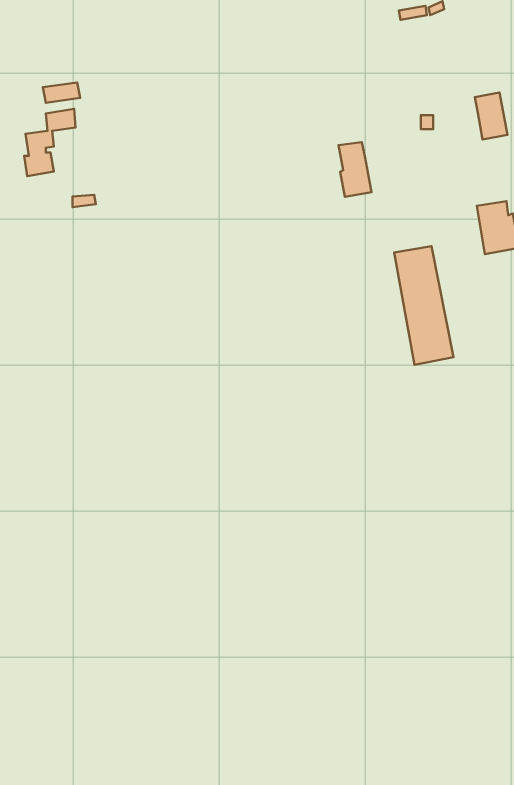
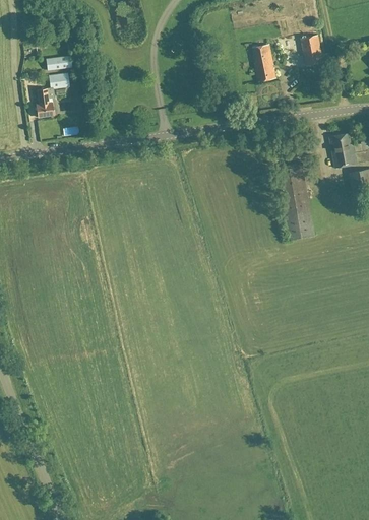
building: [475,93,507,139] -> [301,35,322,65]
building: [339,142,371,197] -> [253,45,274,80]

